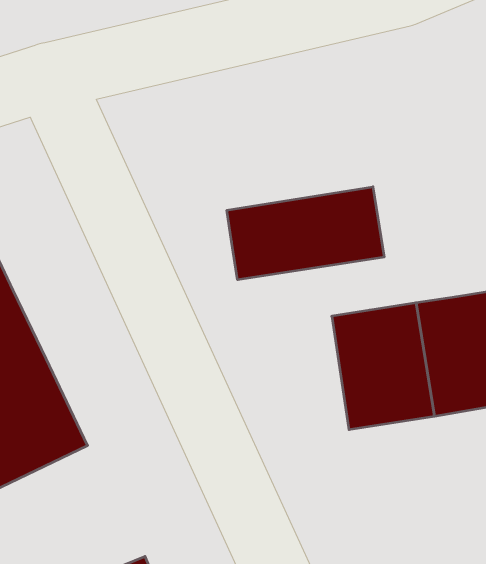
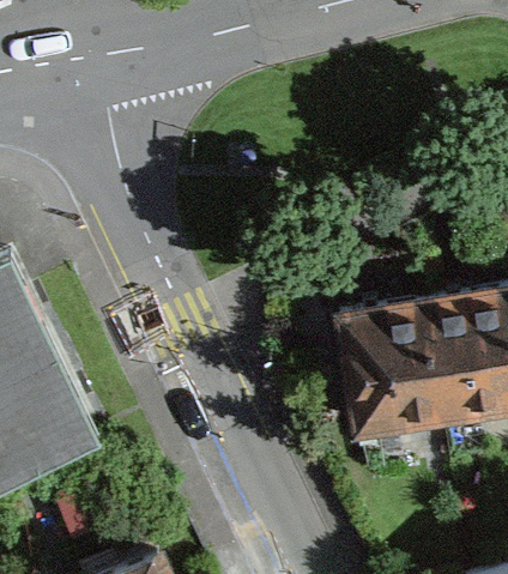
building: [227,187,384,280] -> none

